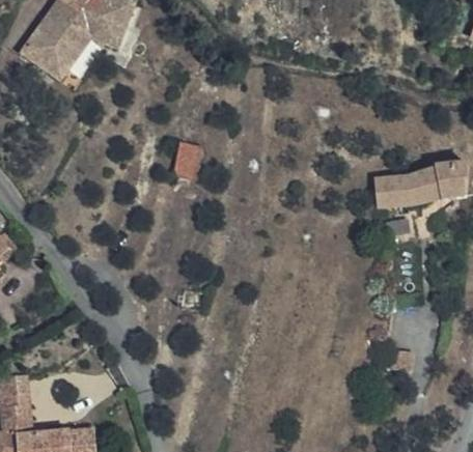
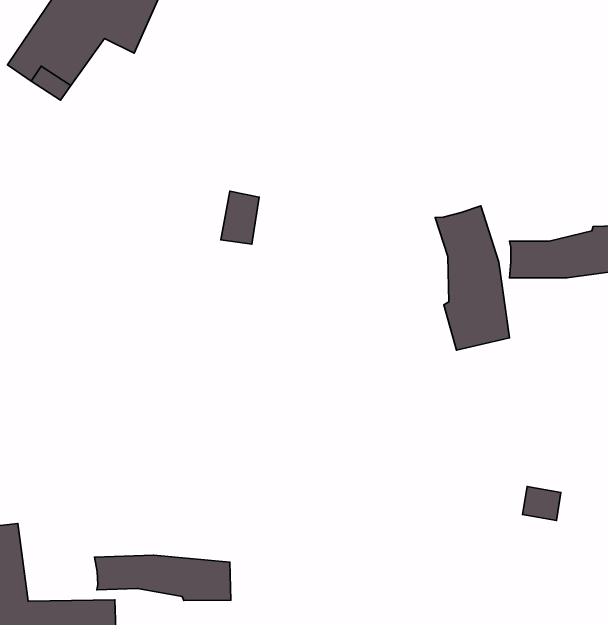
building: none -> [435,206,510,350]
building: none -> [94,555,231,600]

